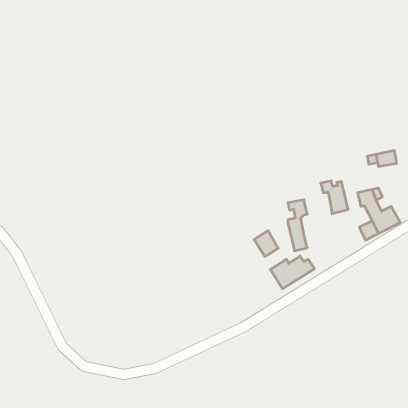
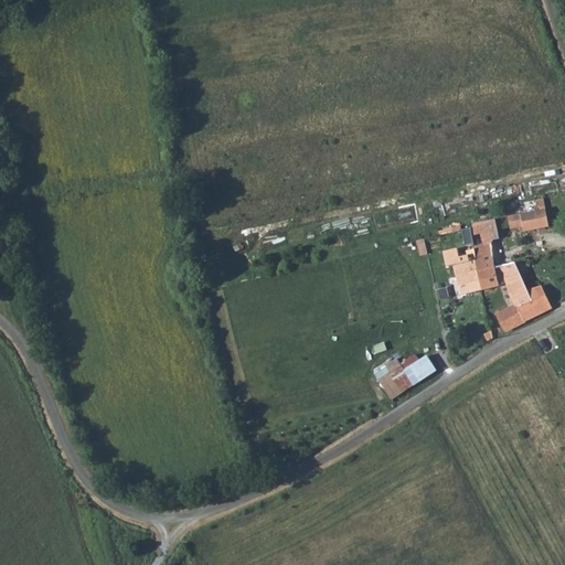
building: [288,200,307,251] -> [471,218,498,289]
building: [254,231,278,256] -> none

